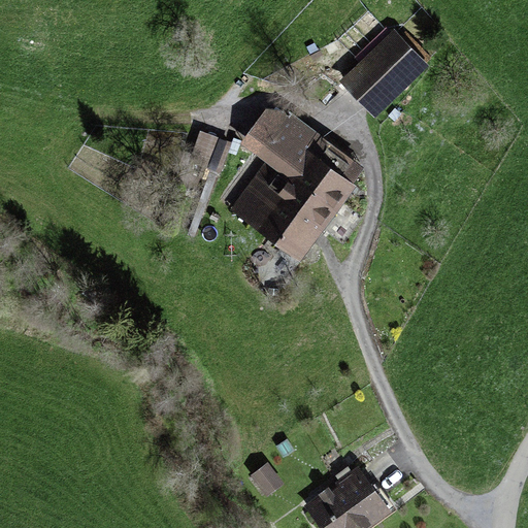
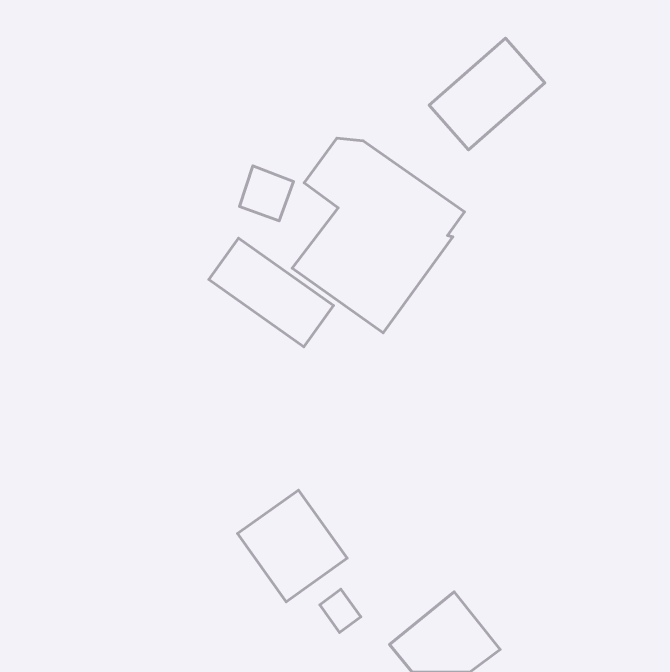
building: none -> [209,238,333,347]
building: none -> [237,490,347,602]

